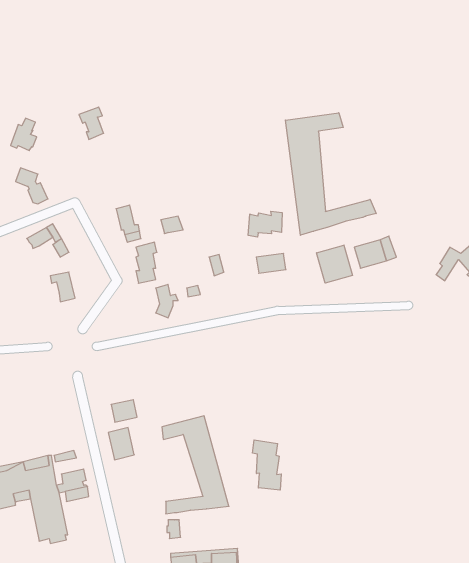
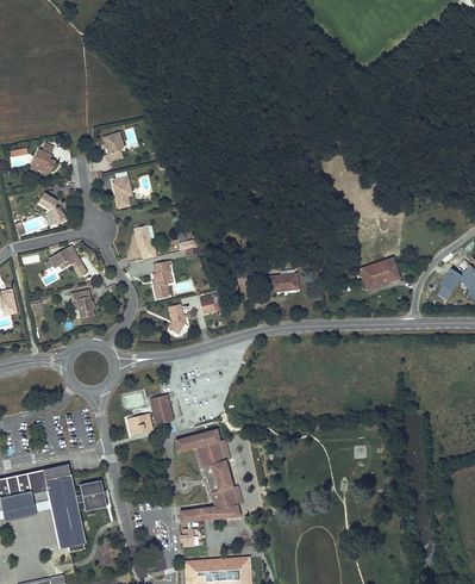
building: [285,113,376,235] -> none
building: none -> [110,174,131,209]
building: [248,211,282,237] -> none
building: [317,245,353,283] -> none
building: [108,428,134,460] -> [149,392,174,423]
building: [253,440,281,490] -> none

